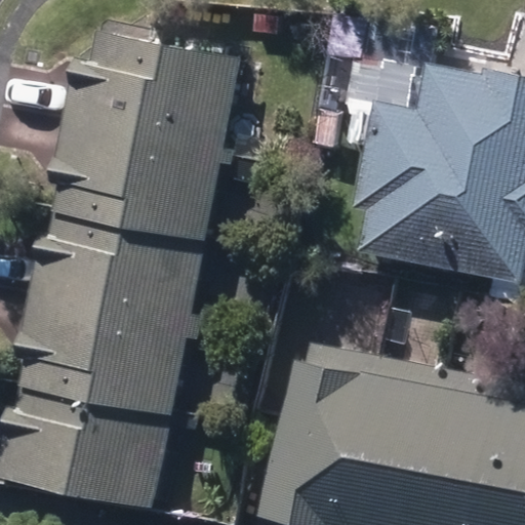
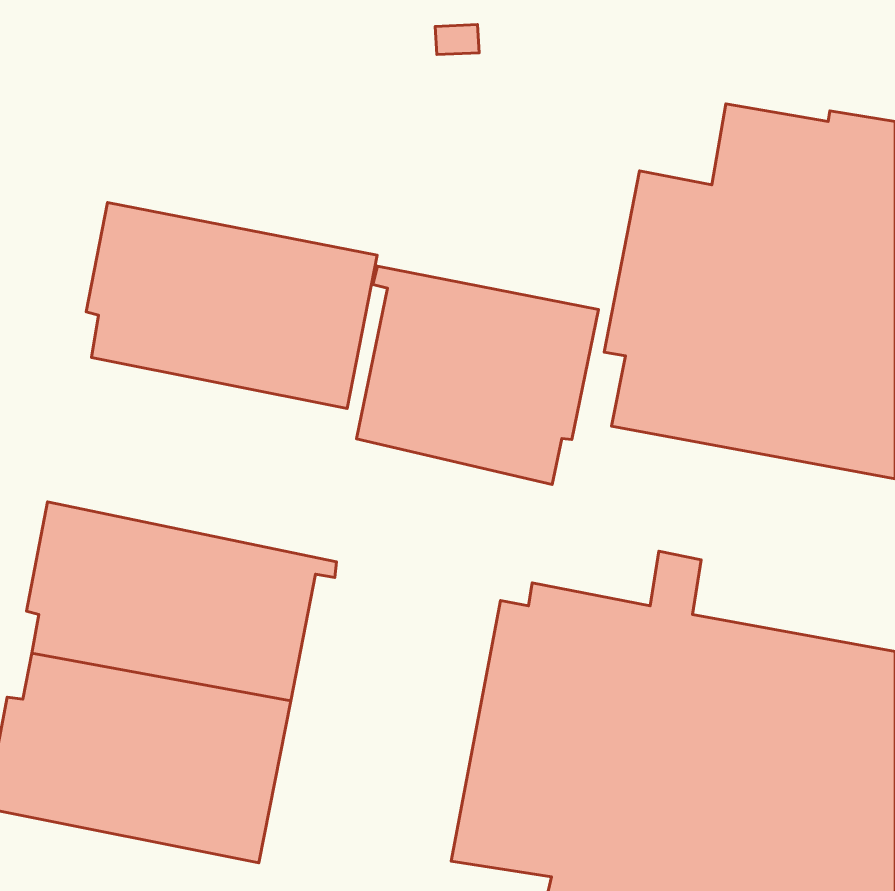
building: [63,32,238,154] -> none
building: none -> [356,266,598,485]
building: [28,213,202,332] -> none

